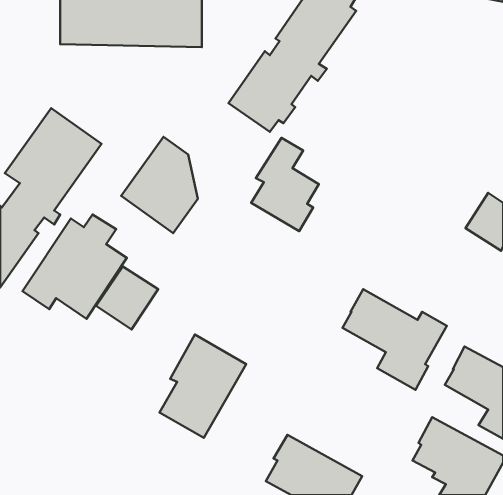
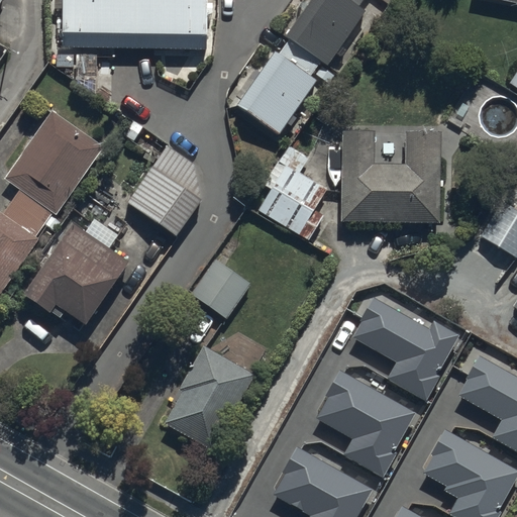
building: none -> [332,130,439,221]
building: [96,267,158,330] -> [188,256,251,321]
building: none -> [316,369,415,479]

